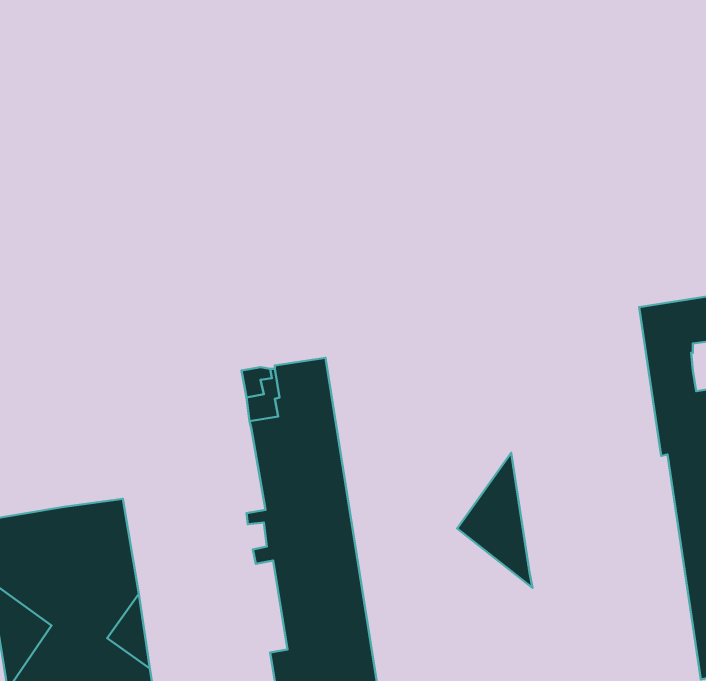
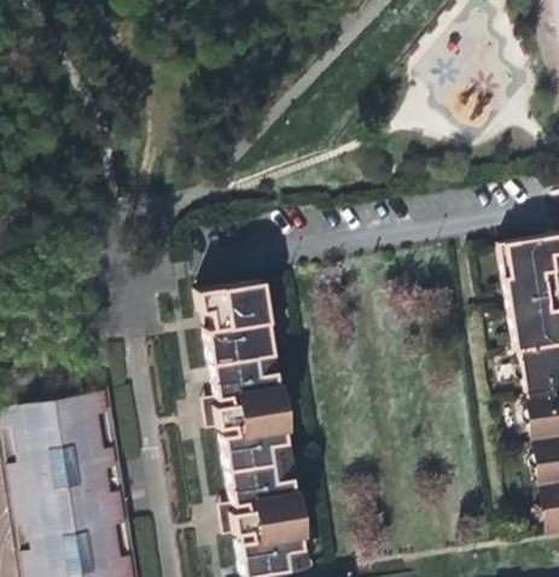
building: [457,453,533,588] -> none

